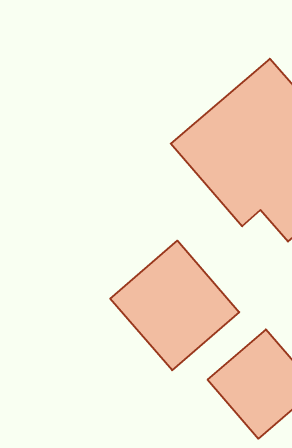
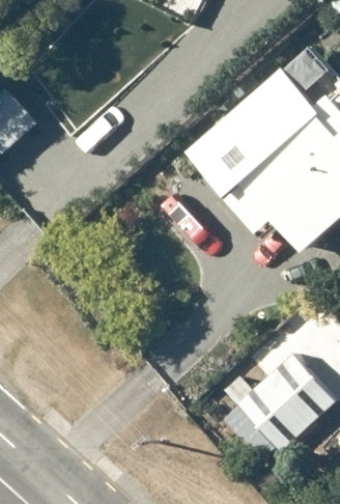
building: [110,241,239,370] -> none

